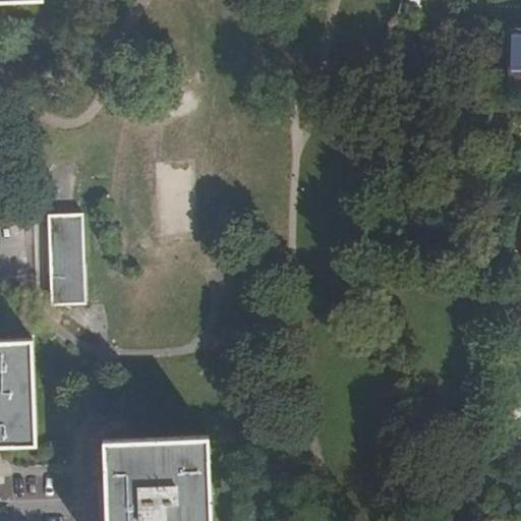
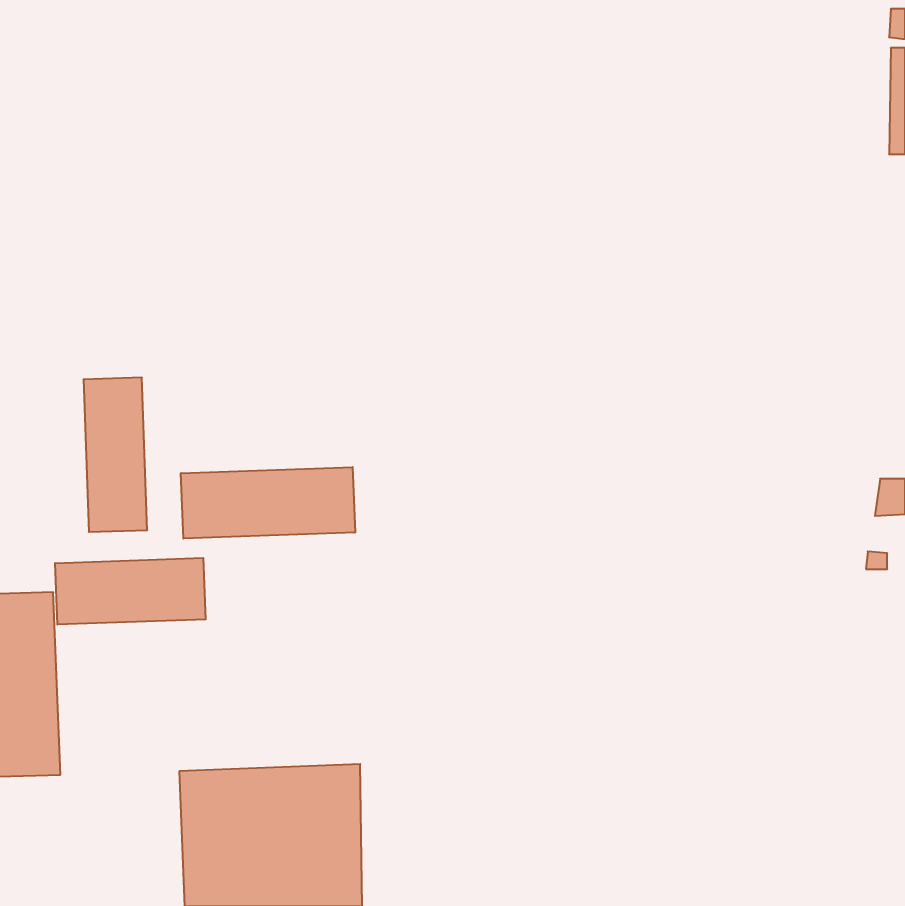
building: none -> [181,467,355,539]
building: none -> [55,558,206,625]

